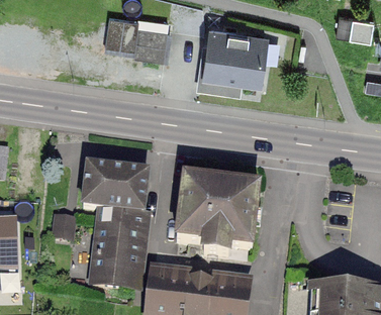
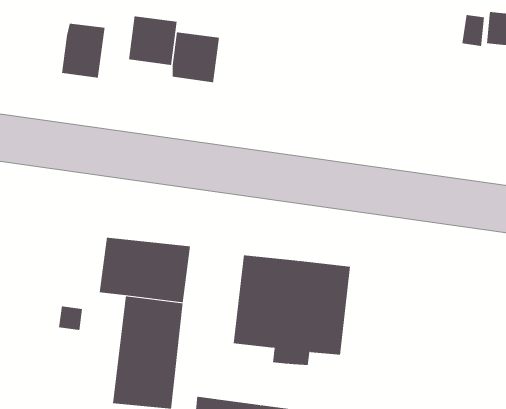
building: none -> [61,23,105,78]
building: [205,25,266,79] -> none

